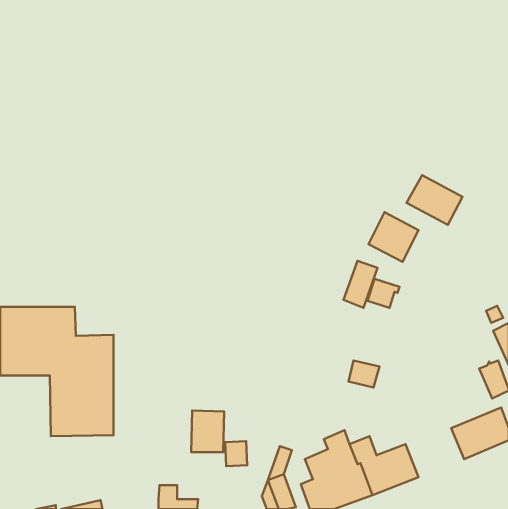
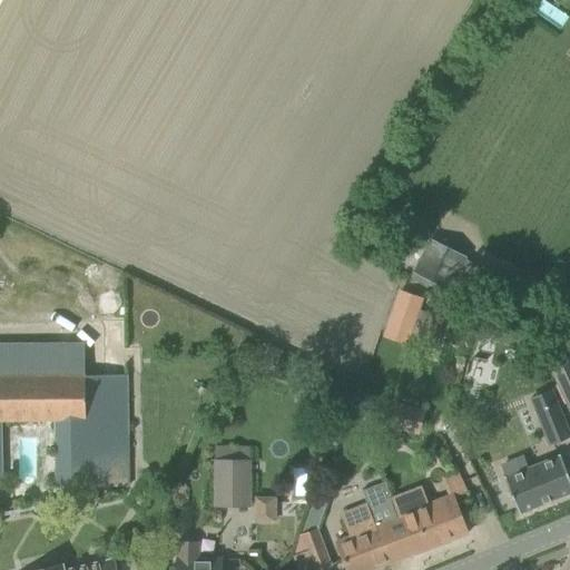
building: [406,175,463,225] -> none

